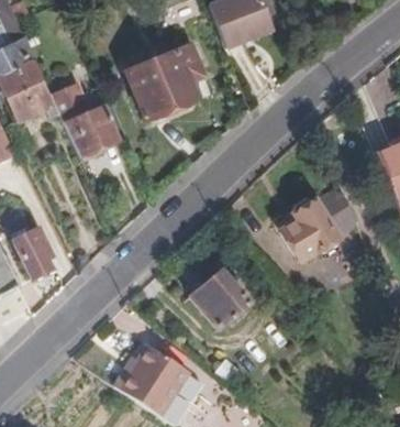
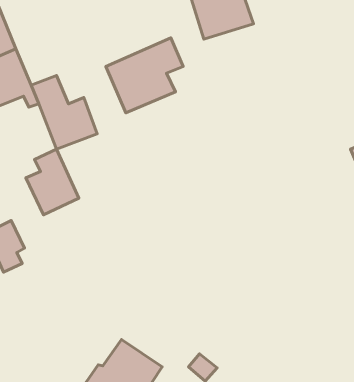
building: none -> [26,149,79,215]
building: [277,198,358,266] -> none
building: [190,275,249,333] -> none

